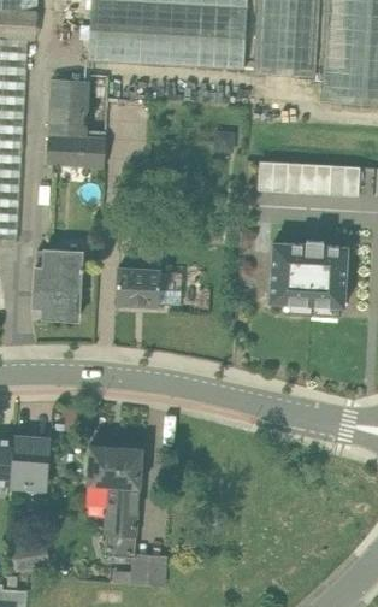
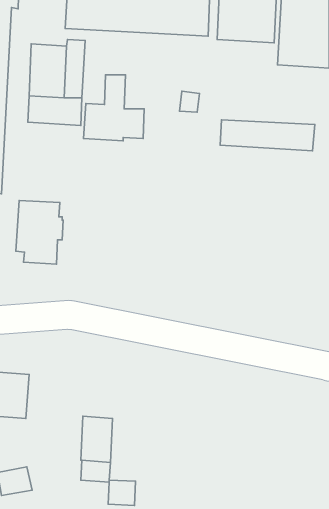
building: [116,235,182,307] -> [84,75,144,141]
building: [268,242,349,307] -> none
building: [87,444,143,488] -> none

